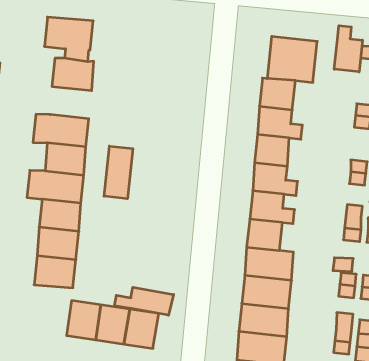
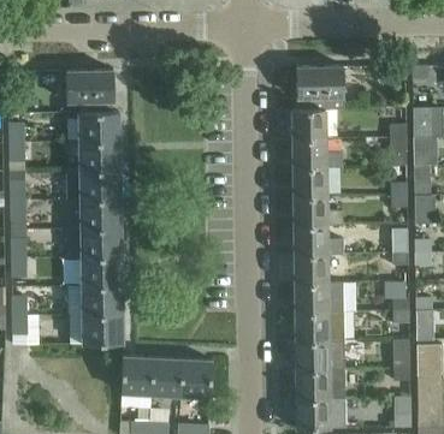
building: [334,26,362,72] -> none
building: none -> [78,141,119,170]
building: [104,146,133,199] -> none
building: [115,287,174,315] -> none

